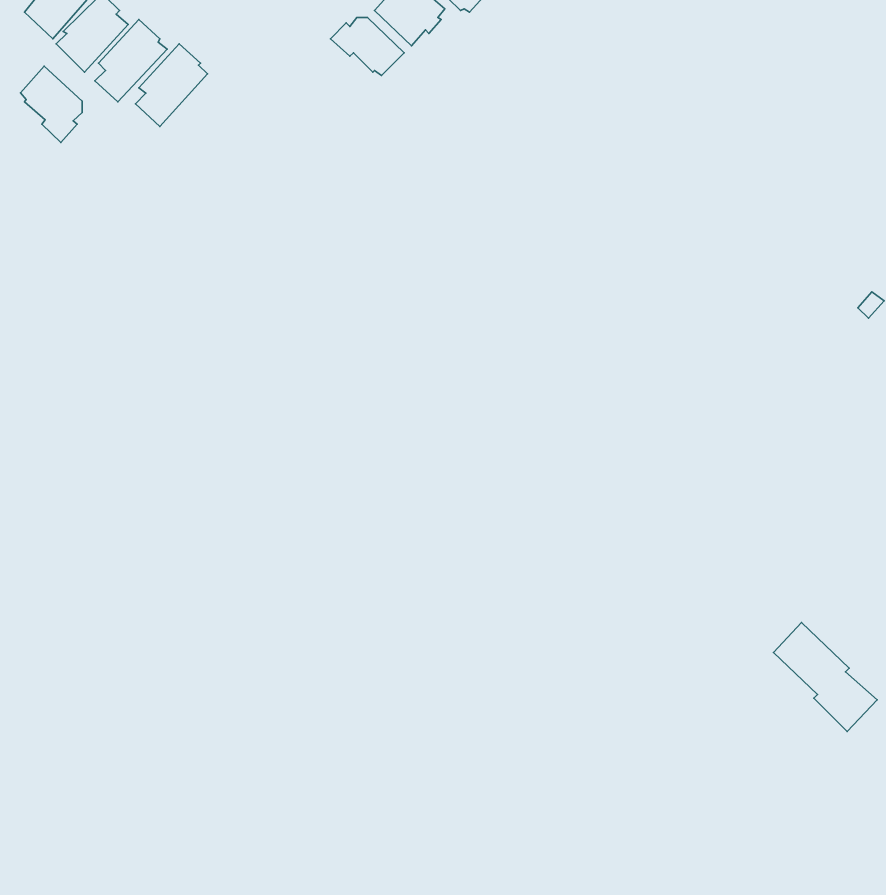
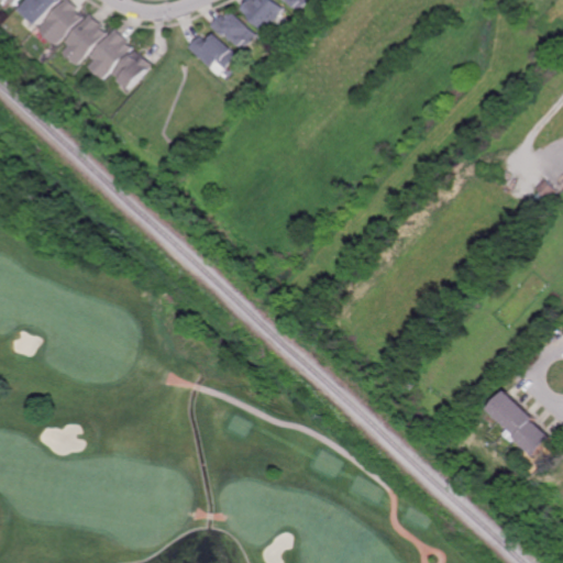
building: none -> [186,33,233,68]
building: [21,66,82,143] -> none
building: none -> [110,48,151,92]

